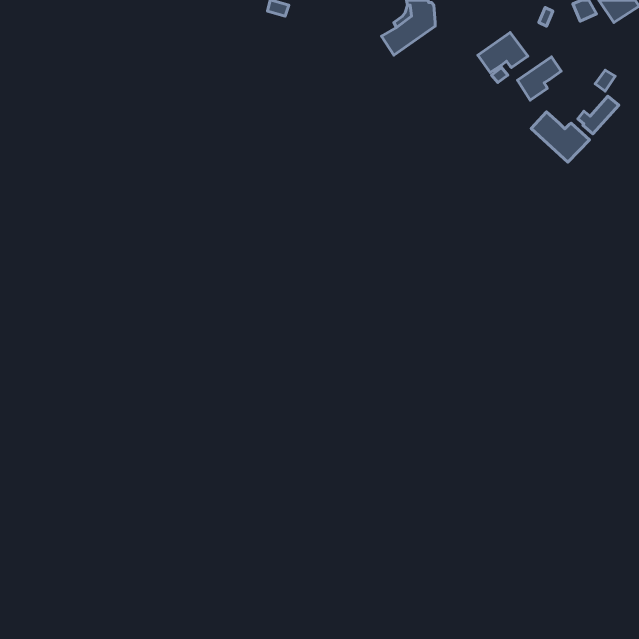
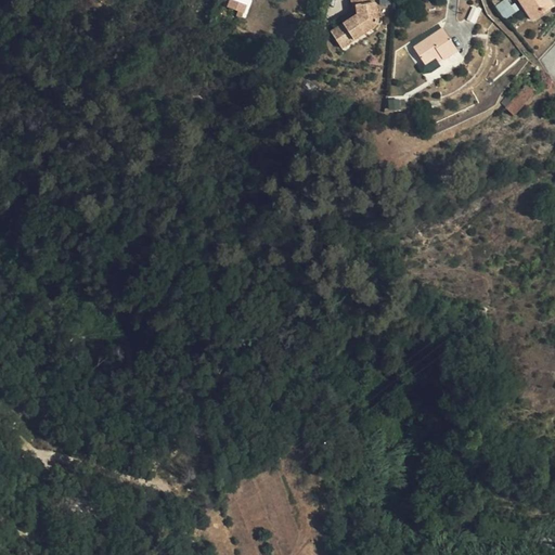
building: [518,57,561,100] -> none
building: [531,112,590,162] -> none

